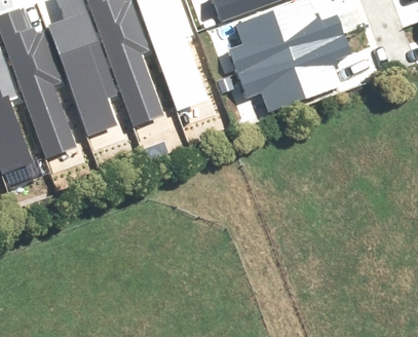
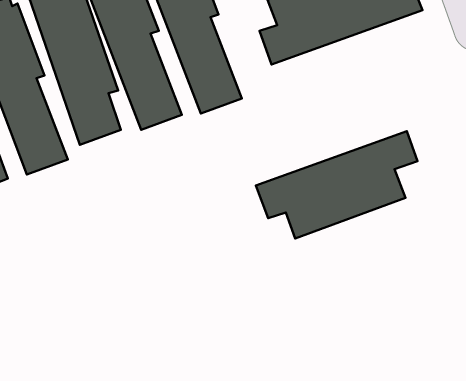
building: [233,35,355,116] -> [256,131,418,238]

